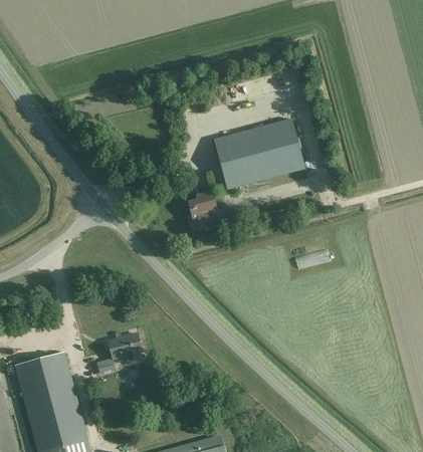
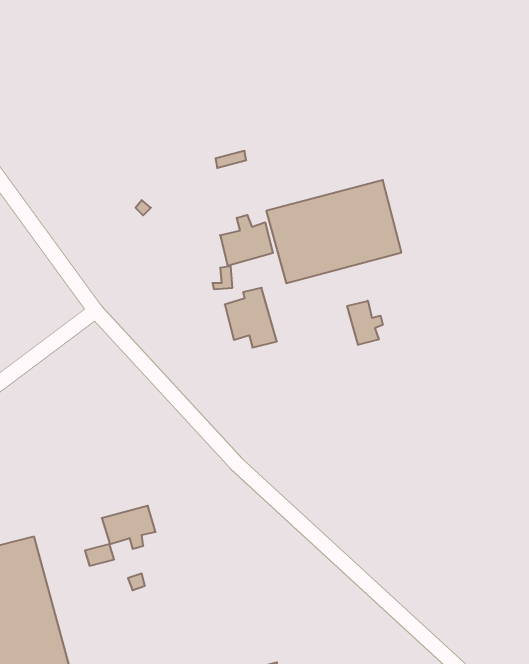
building: none -> [220,215,273,266]
building: none -> [347,301,383,345]

